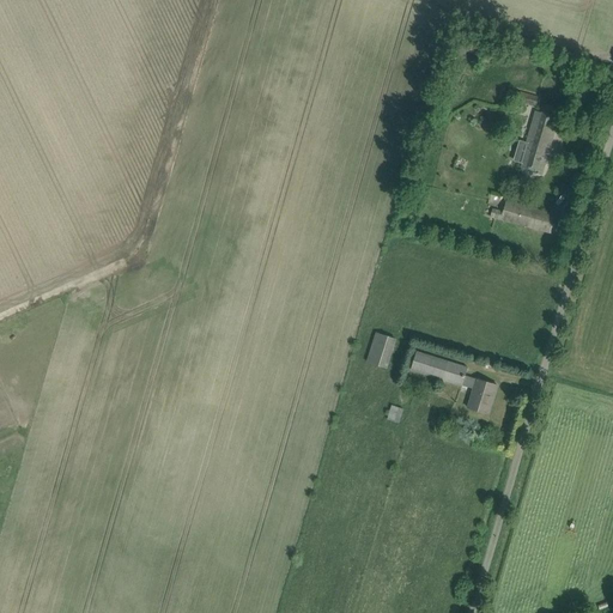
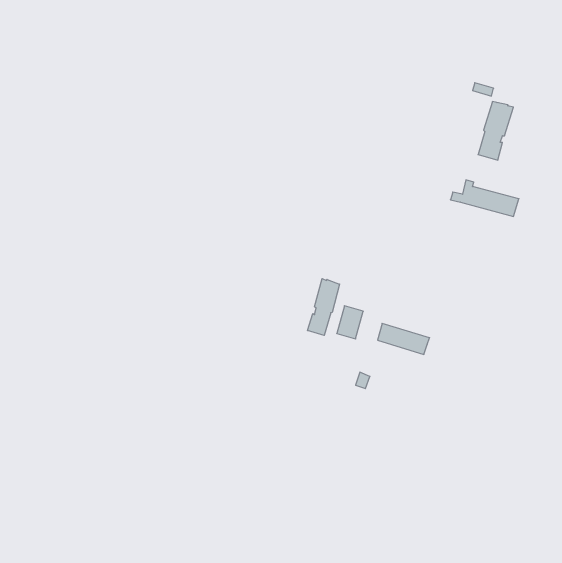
building: none -> [308,279,340,335]
building: [460,374,496,413] -> none

